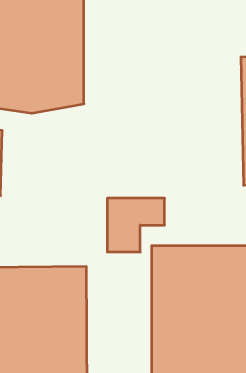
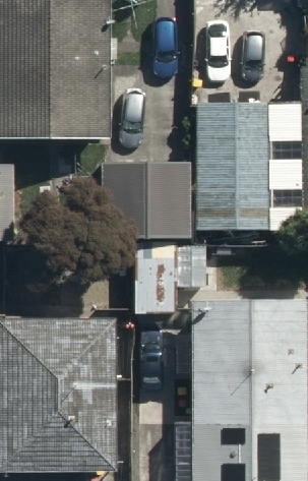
building: none -> [203,102,271,226]
building: none -> [106,160,193,236]

